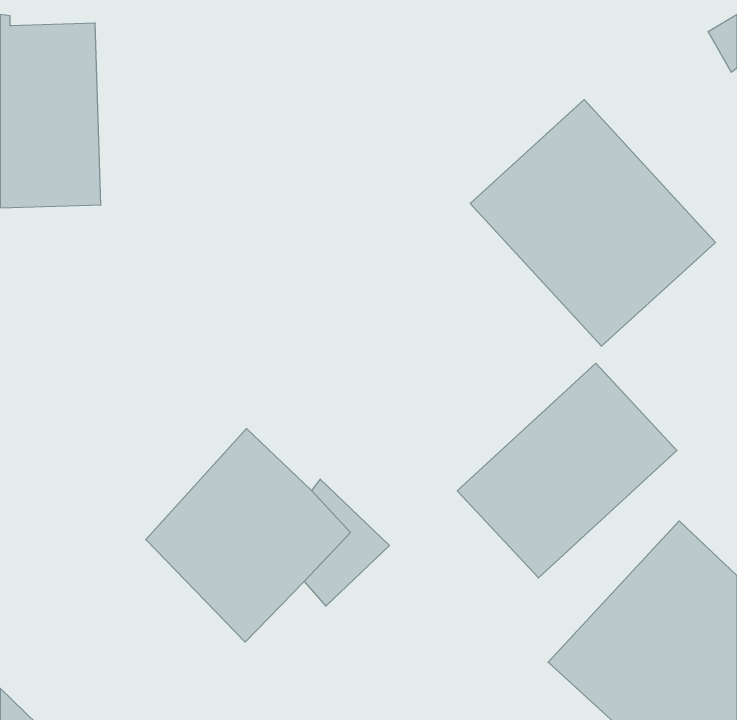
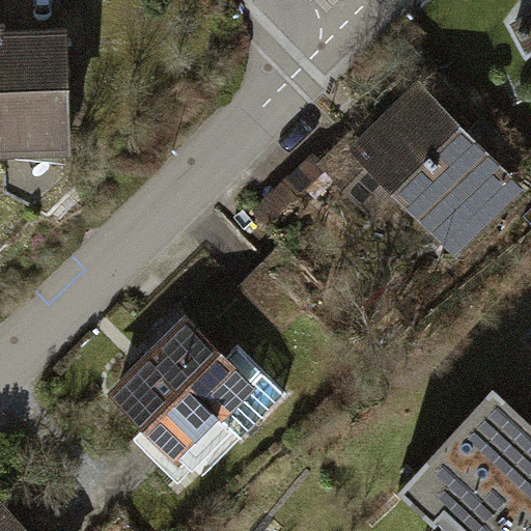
building: [457,363,677,578] -> none

